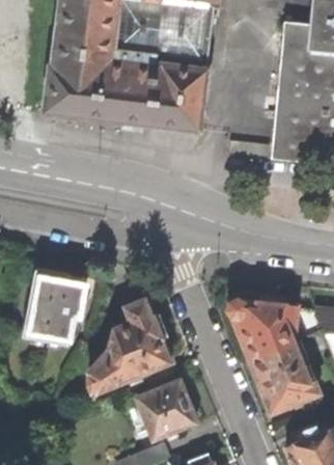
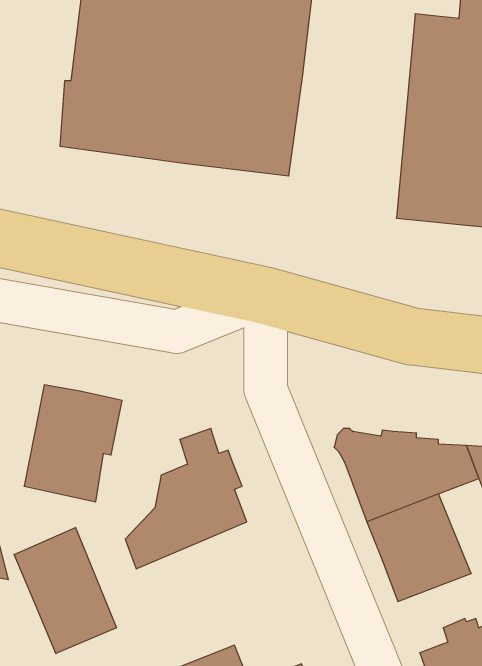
building: none -> [14,527,117,654]
building: [131,381,195,443] -> none

